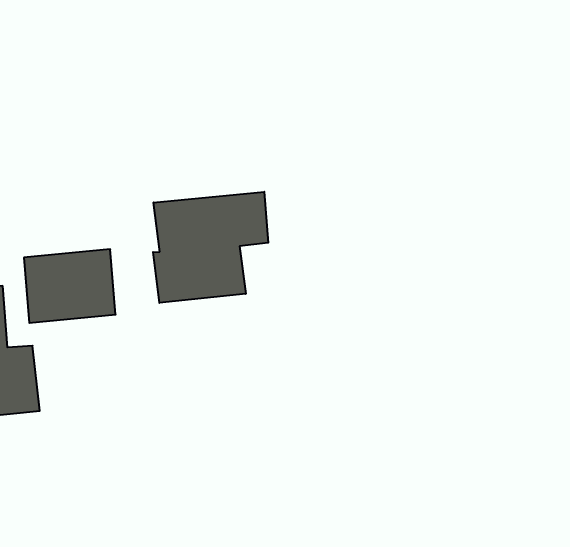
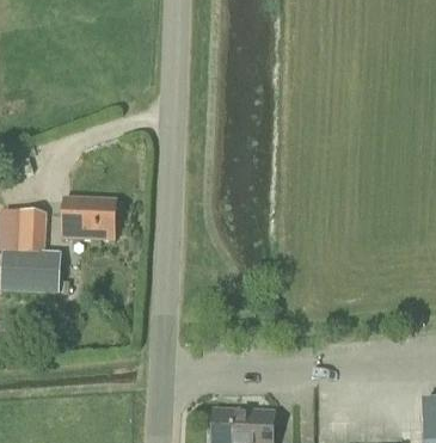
building: [153,192,268,303] -> none

